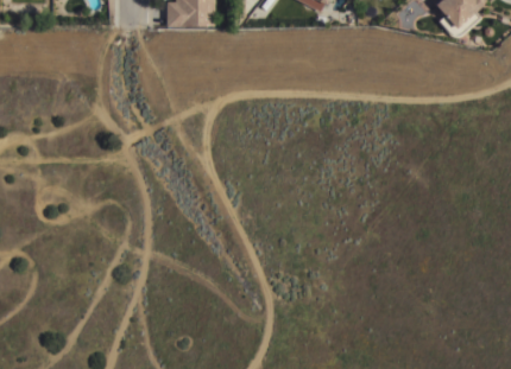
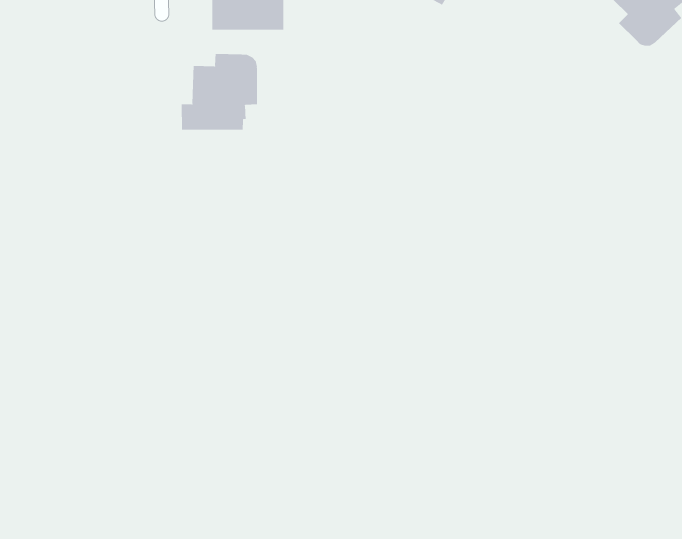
building: none -> [181,53,257,131]

